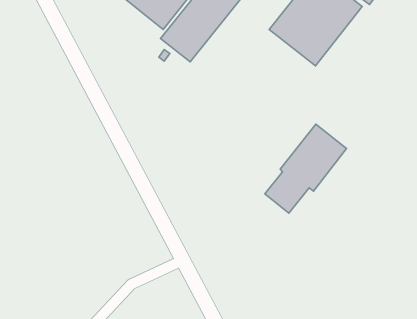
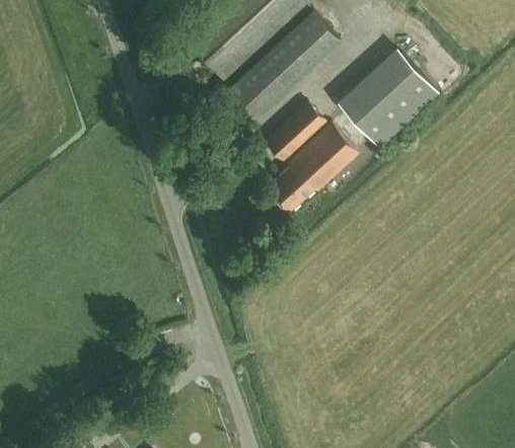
building: none -> [264,102,325,161]
building: [265,124,347,213] -> [266,124,359,213]

